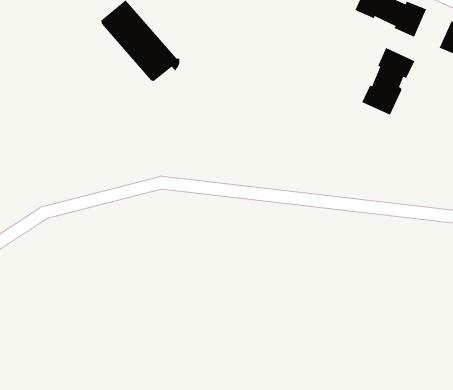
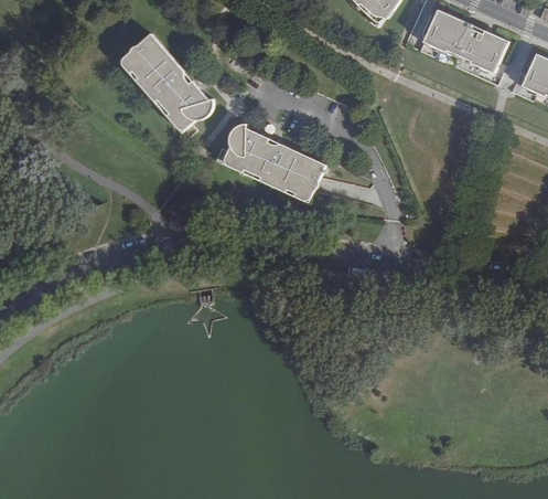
building: [362,47,415,115] -> none
building: none -> [224,121,326,201]

